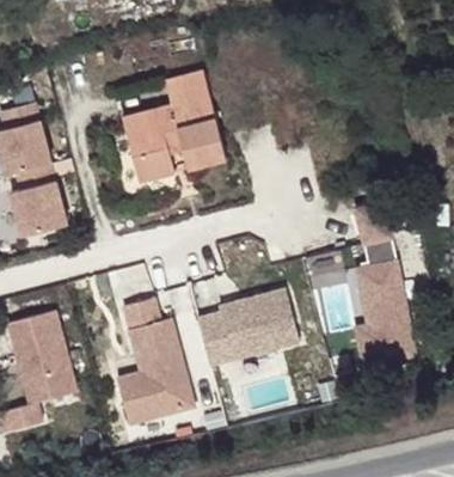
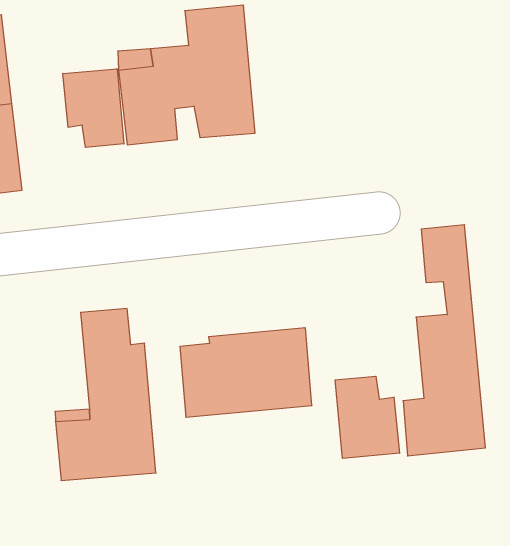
building: none -> [63,69,124,147]
building: none -> [335,376,400,458]

